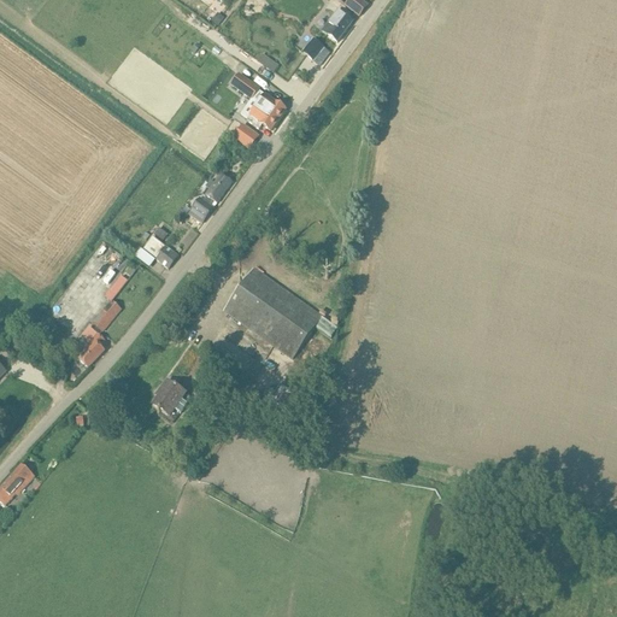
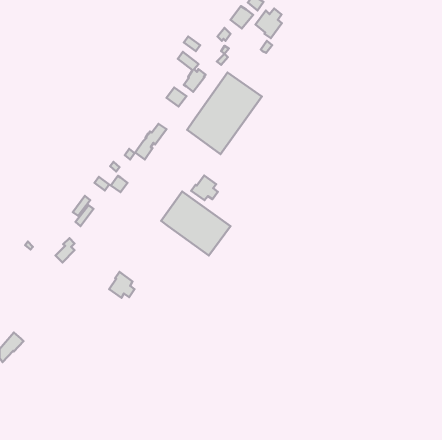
building: none -> [255,8,282,38]
building: none -> [187,73,262,154]
building: none -> [191,176,218,200]

